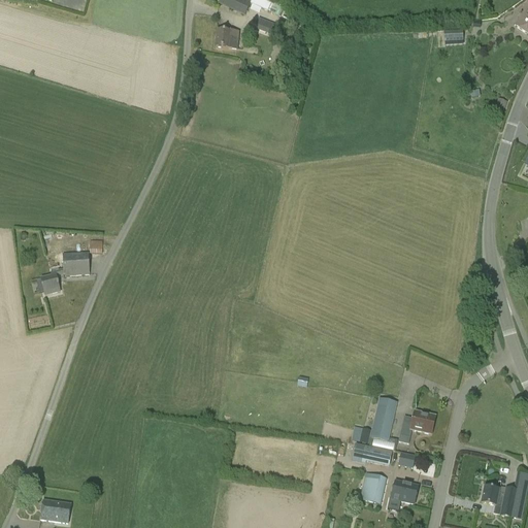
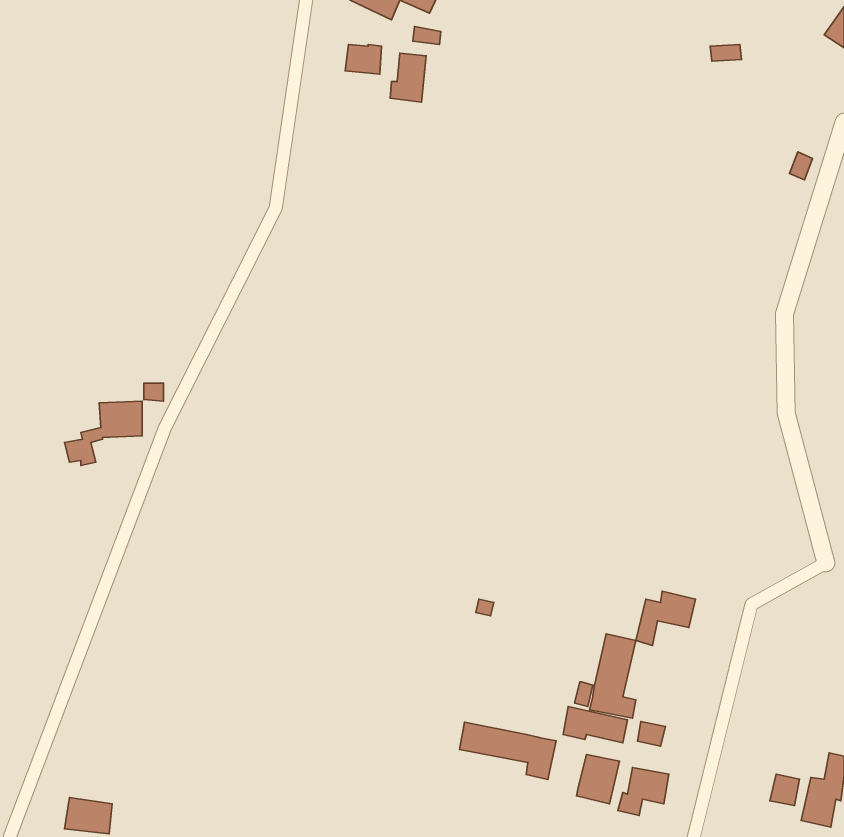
building: none -> [390,53,426,102]
building: [398,408,435,442] -> [636,591,695,645]
building: none -> [460,722,556,780]

